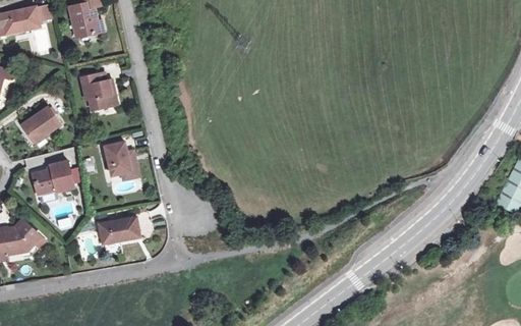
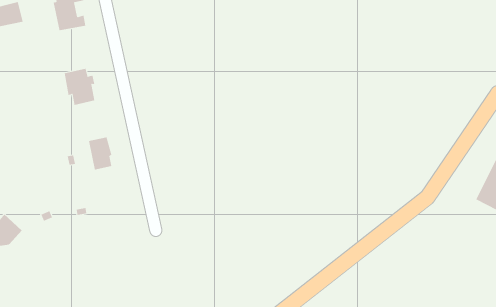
building: [21,107,60,142] -> none
building: [34,161,74,193] -> none
building: [100,217,139,244] -> none

